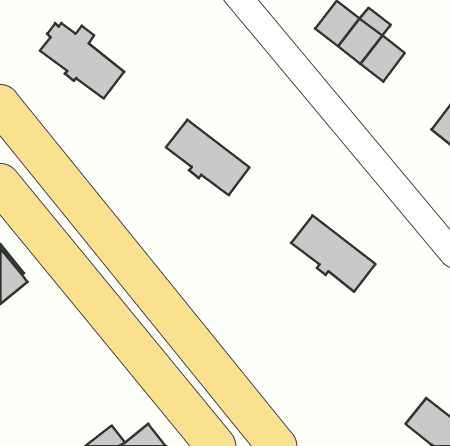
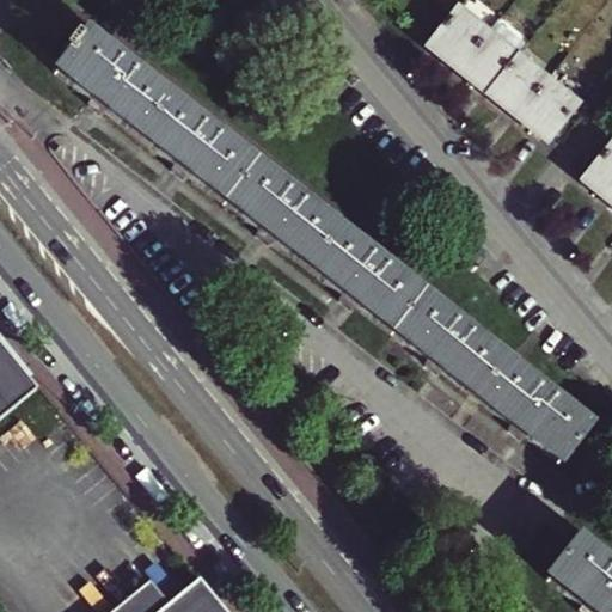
building: none -> [521,72,580,134]
building: none -> [145,97,257,198]
building: none -> [313,226,426,328]
building: none -> [482,356,593,457]

